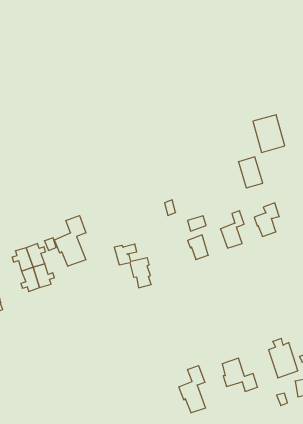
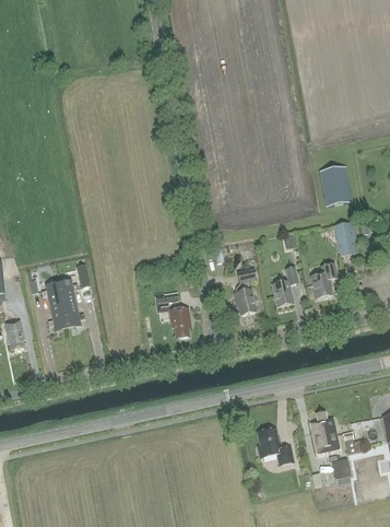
building: [238,157,263,188] -> [334,221,358,254]
building: [54,216,86,266] -> none
building: [179,366,205,413] -> none

